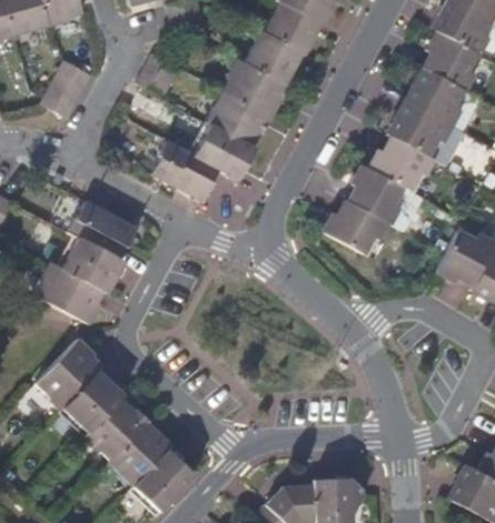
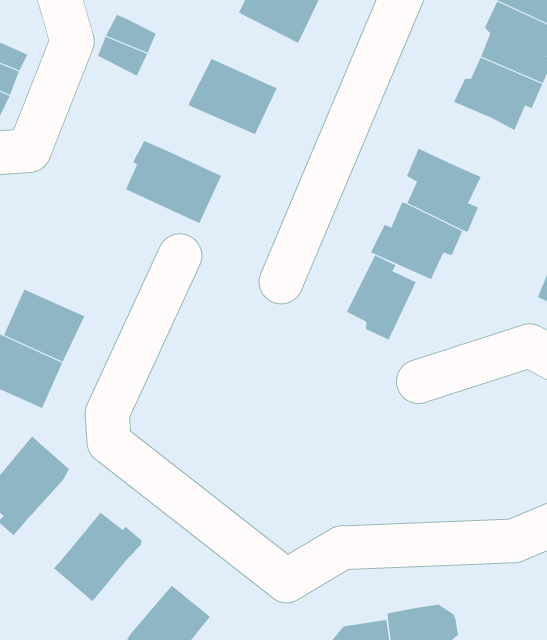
building: [221,56,283,115] -> none
building: [189,122,253,177] -> none
building: [368,134,433,190] -> none
building: [68,202,138,261] -> none
building: none -> [346,254,417,340]
building: [62,373,120,431] -> none
building: [110,423,170,483] -> none

